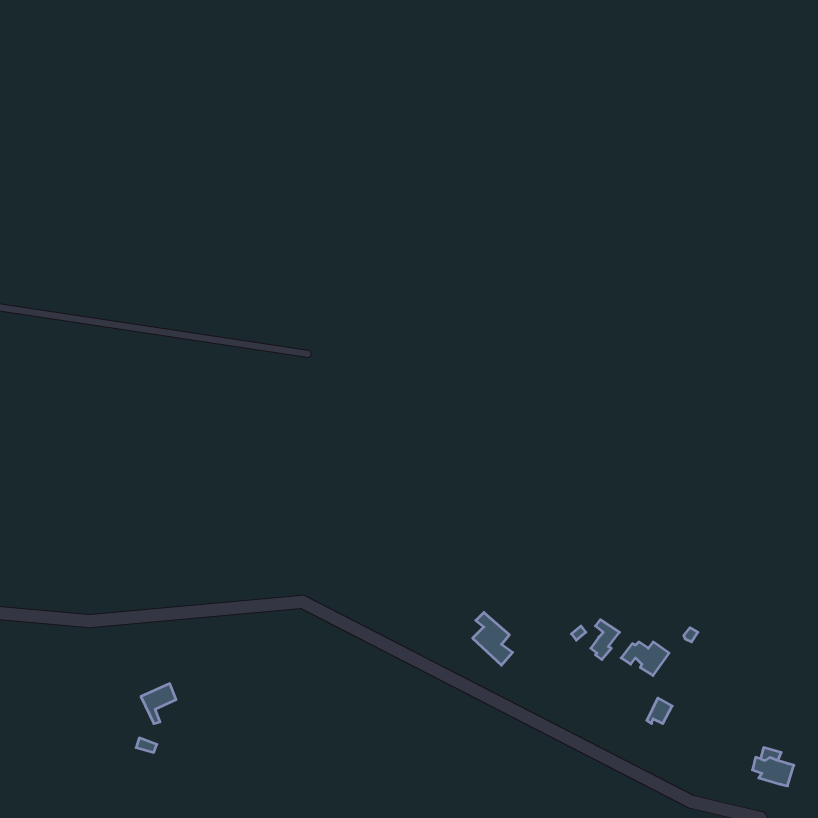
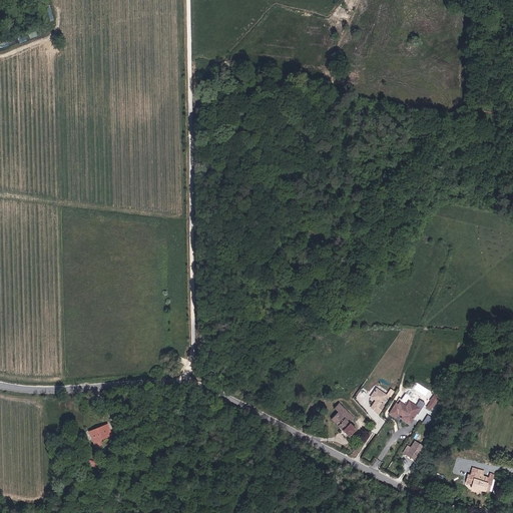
building: [473,612,513,665] -> [330,403,355,436]

